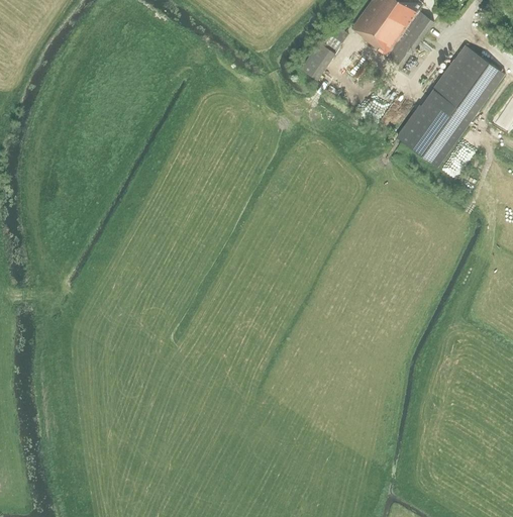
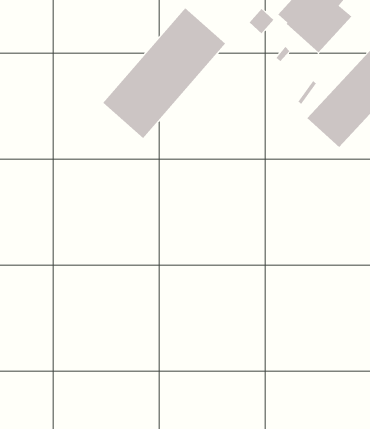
building: none -> [102,7,226,139]
building: [301,41,334,79] -> none

